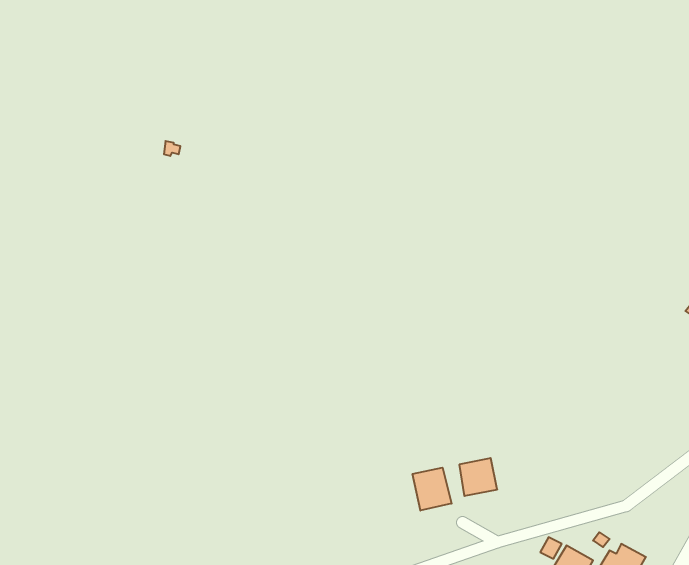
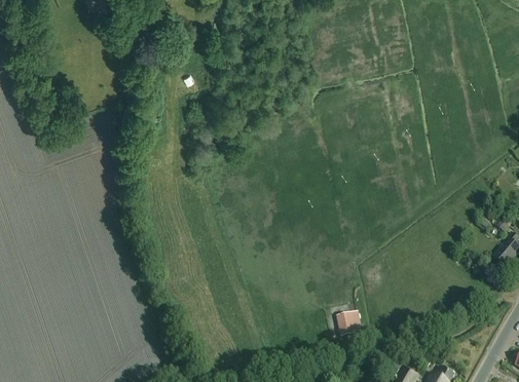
building: [413,468,452,511] -> none

